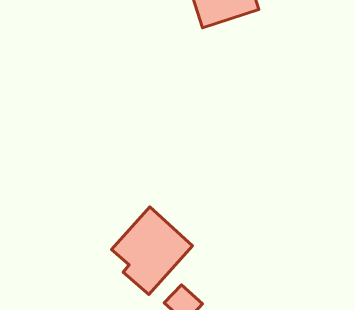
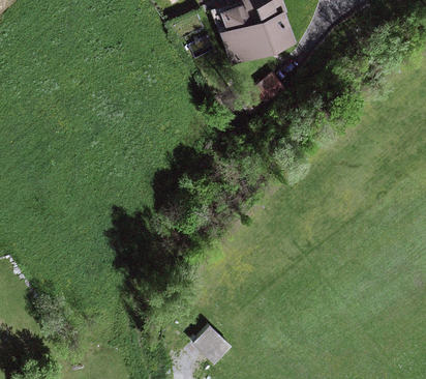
building: [112,207,193,295] -> none

